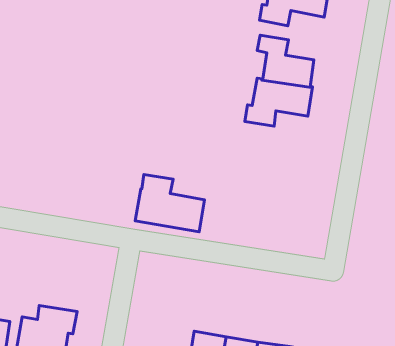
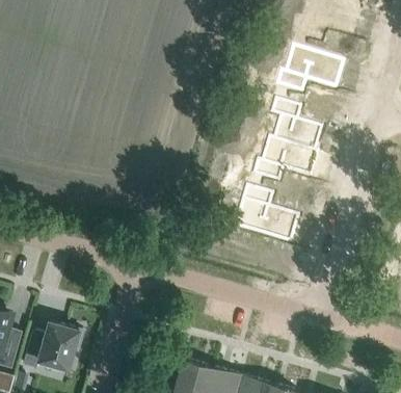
building: [135,175,205,232] -> [234,185,298,242]

